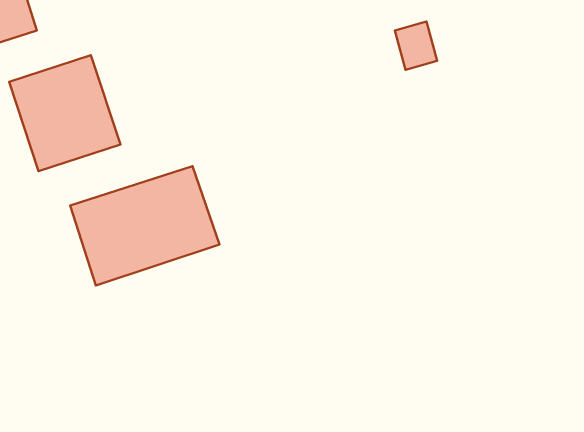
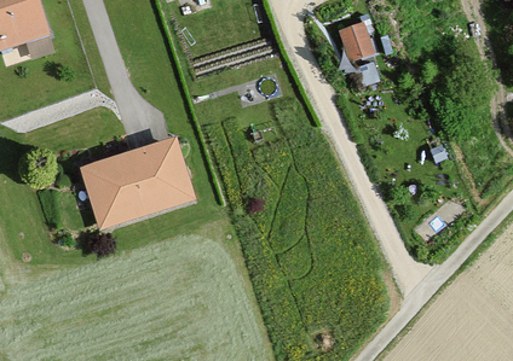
building: [9,55,120,171] -> none

